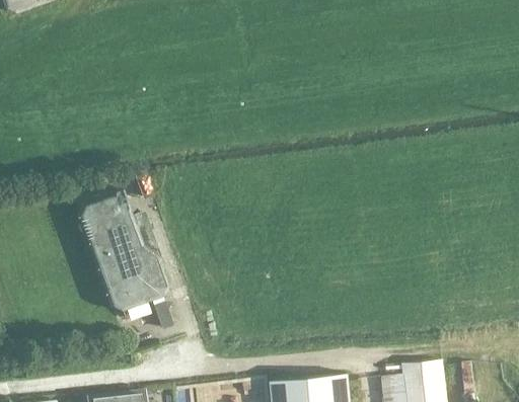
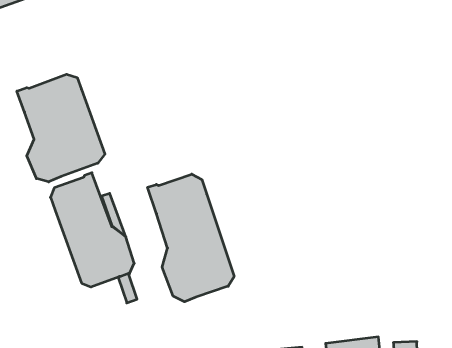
building: none -> [17,74,105,182]
building: none -> [148,174,234,302]

